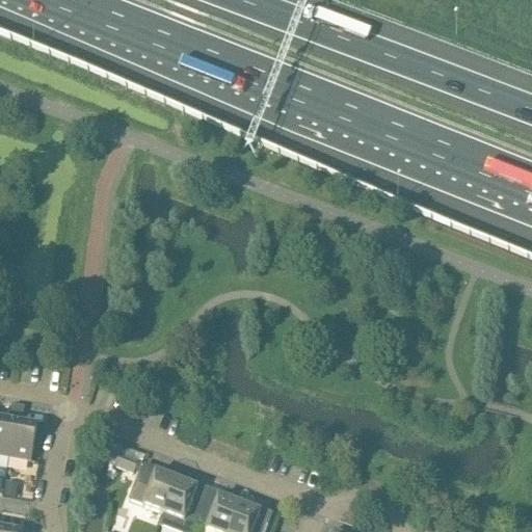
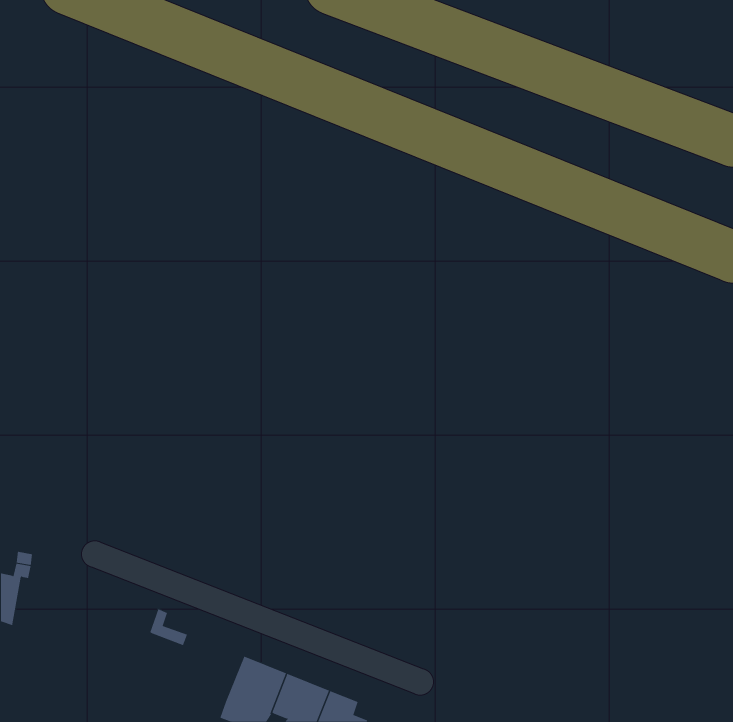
building: [9,418,37,456] -> none
building: [134,463,177,508] -> none

